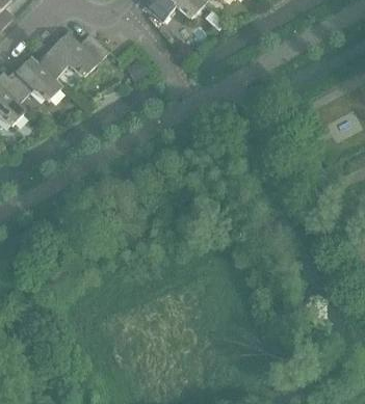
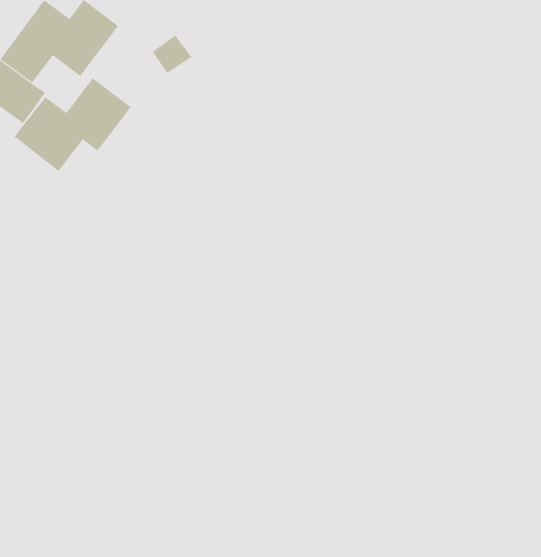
building: none -> [13,78,132,172]

